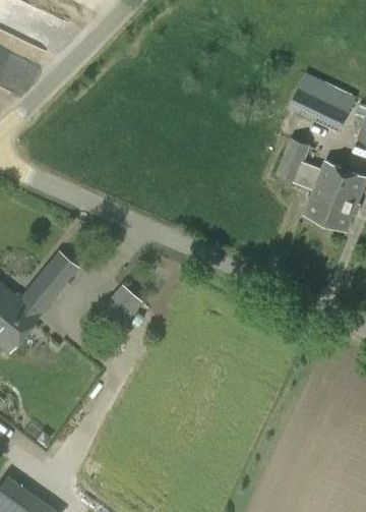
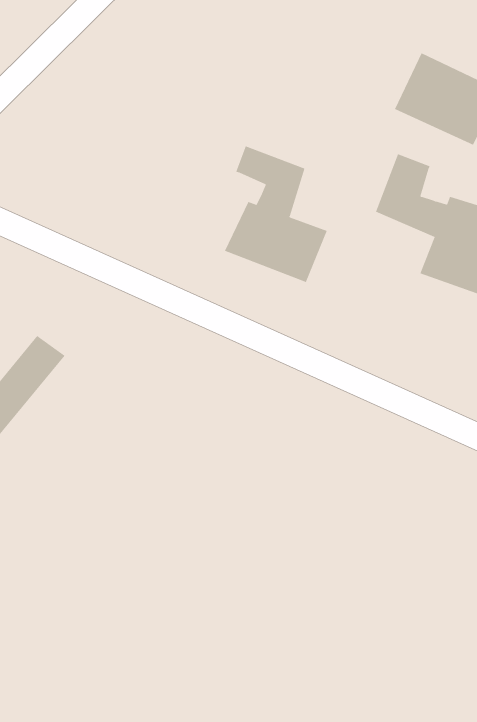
building: none -> [224,146,328,283]
building: [100,285,140,327] -> none

